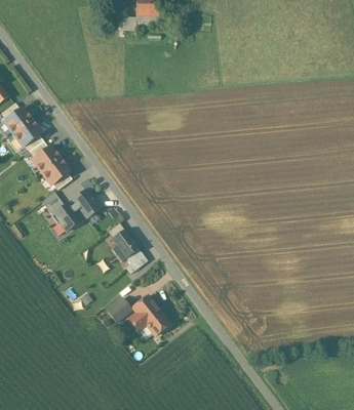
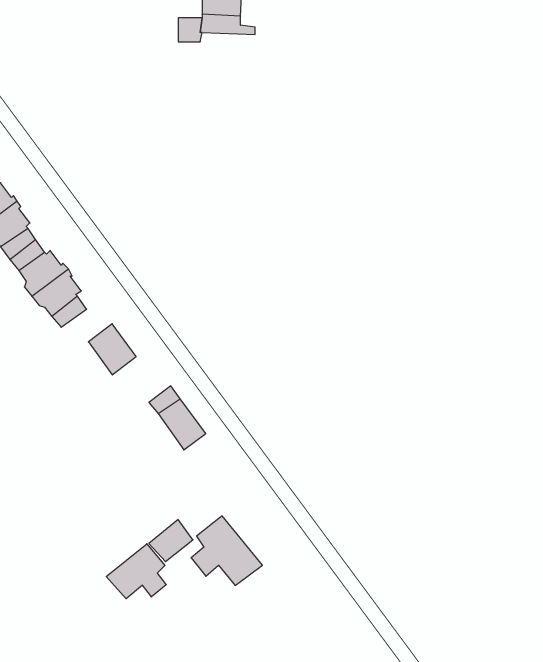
building: [52,198,85,230] -> none
building: none -> [106,544,166,599]

